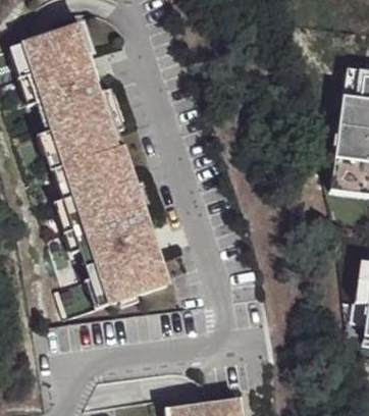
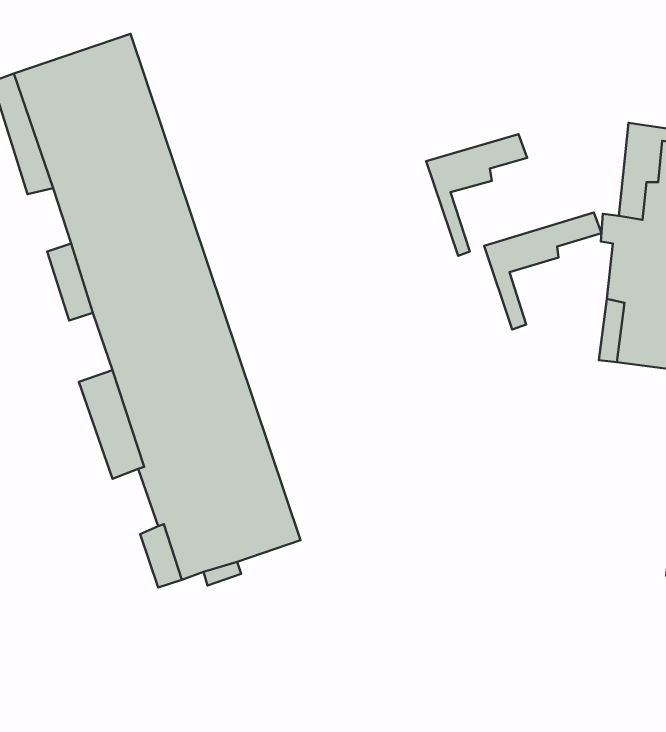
building: none -> [426,134,527,256]
building: none -> [484,212,601,329]

